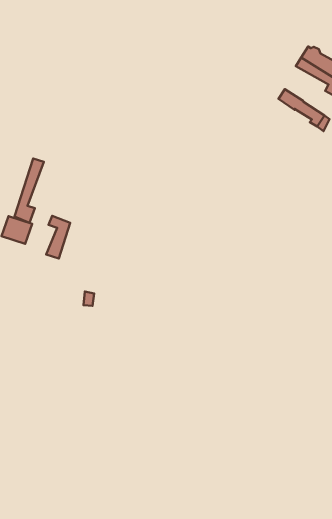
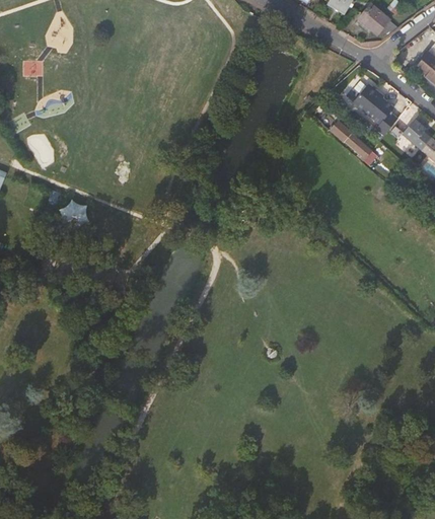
building: [14,159,44,223] -> none
building: [46,216,70,258] -> none

